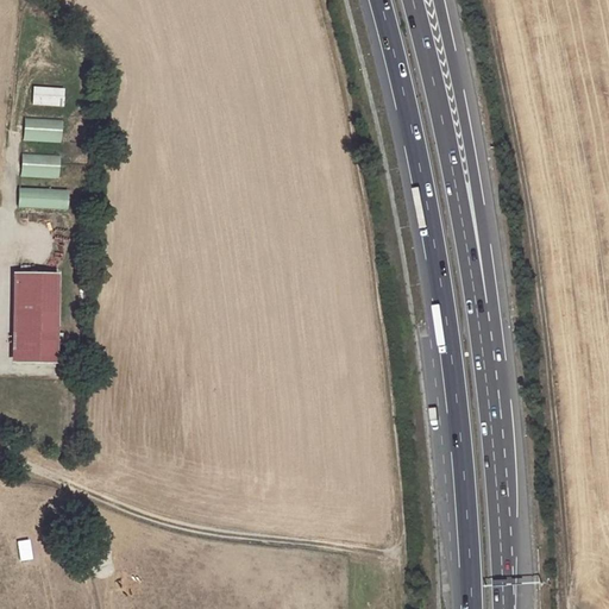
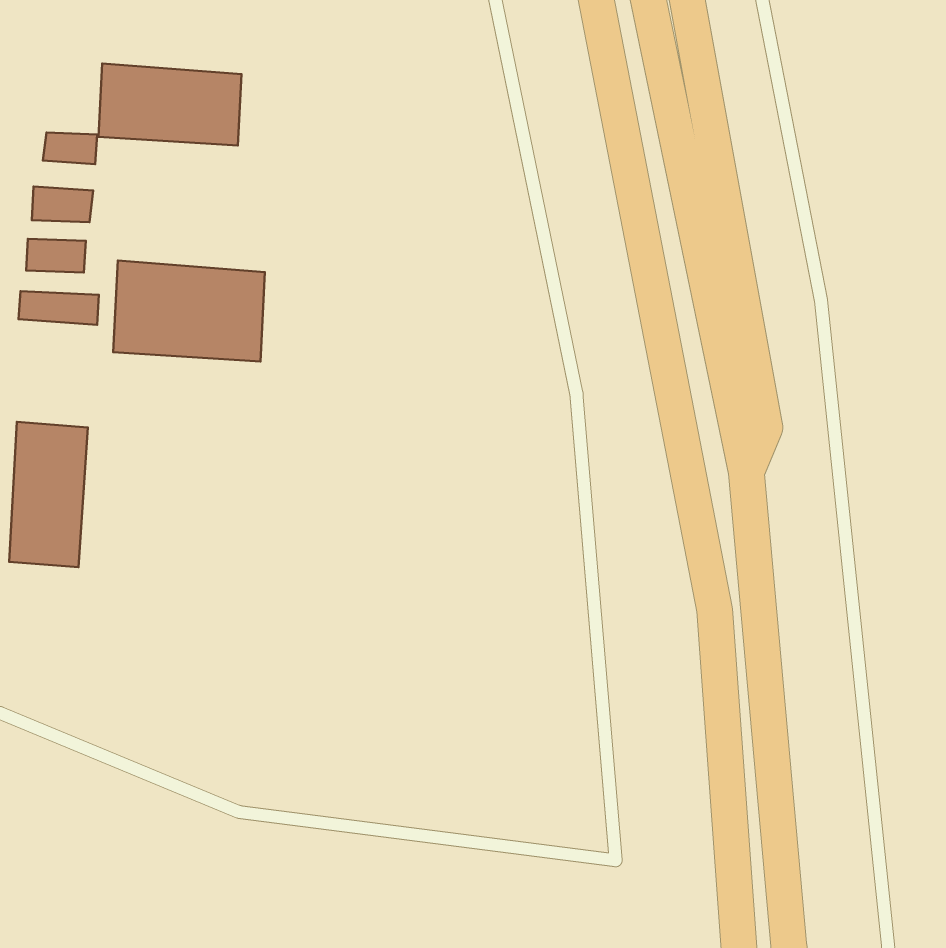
building: none -> [98,64,241,146]
building: none -> [113,261,265,361]

